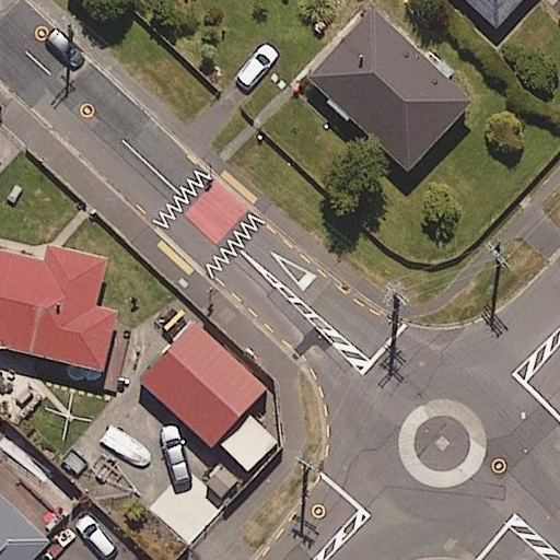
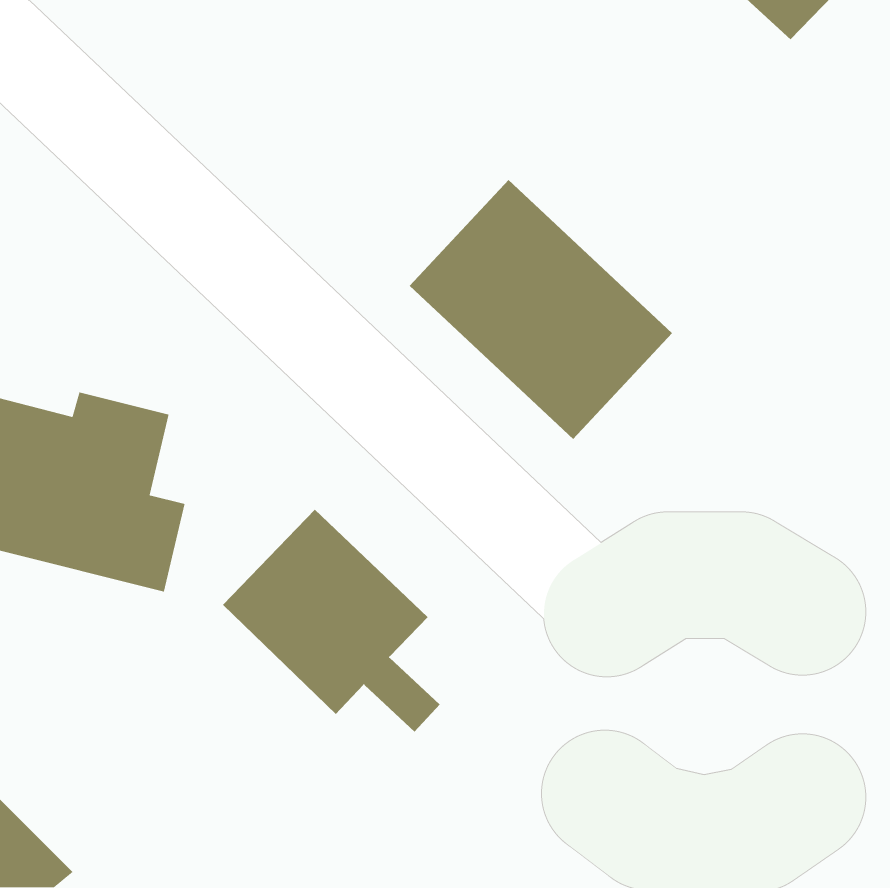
building: [305,9,470,172] -> [409,179,673,440]

